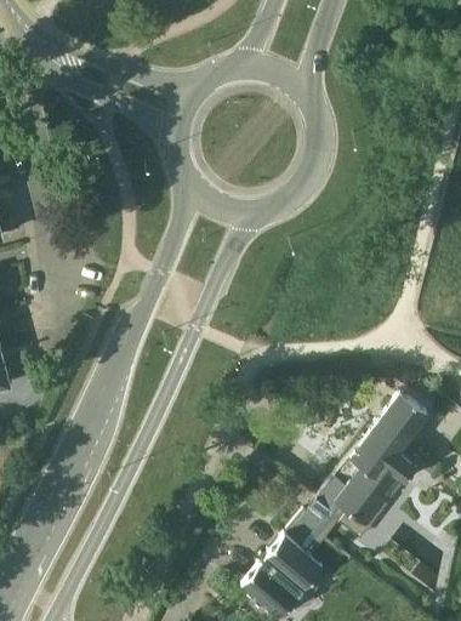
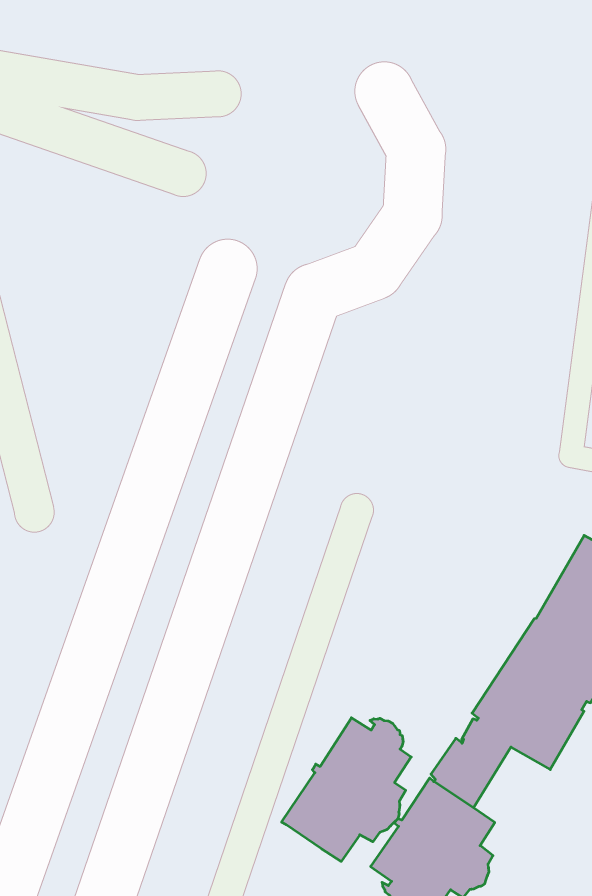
building: none -> [282,718,411,861]

